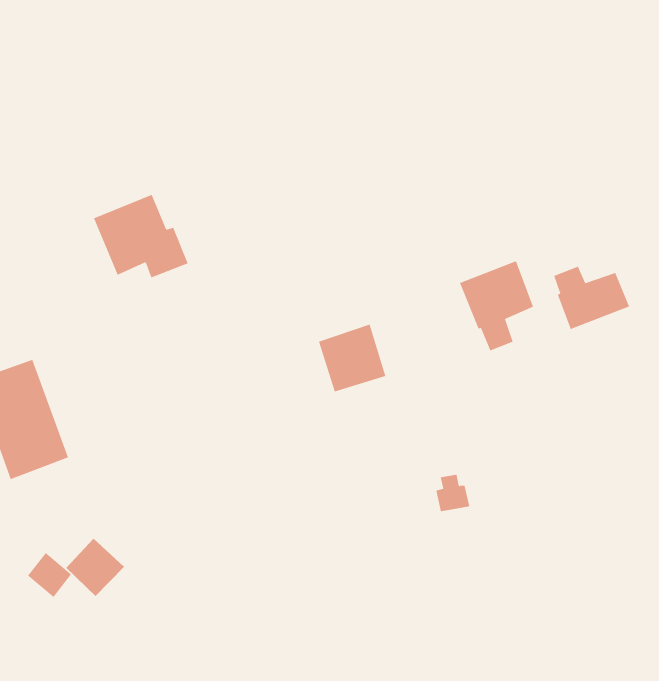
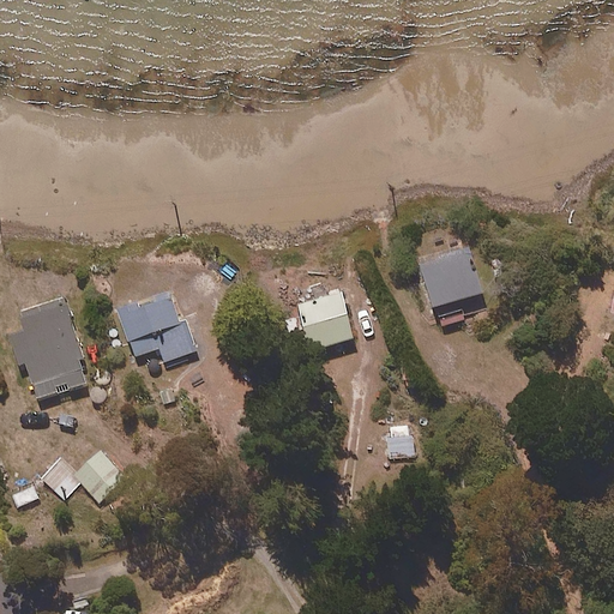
building: [93,194,189,278] -> [118,291,193,361]
building: [553,266,630,330] -> none

